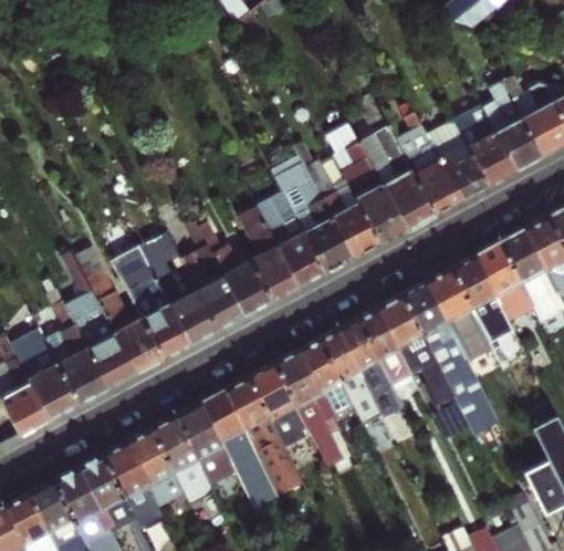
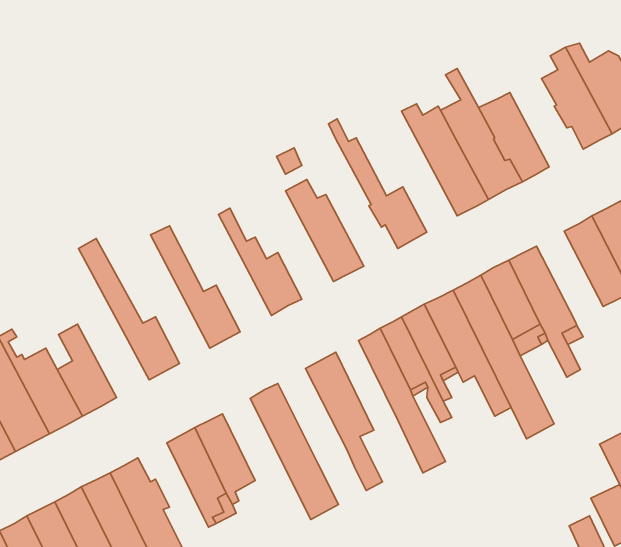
building: [453,106,518,186] -> none
building: [323,118,407,243] -> none
building: [274,162,355,273] -> none
building: [240,207,299,302] -> none
building: [179,220,244,331] -> none
building: [477,242,535,322] -> none
building: [122,246,190,358] -> none
building: [63,251,137,388] -> none
building: [301,339,355,418] -> none
building: [250,363,311,447] -> none
building: [201,389,280,510] -> none
building: [127,428,185,507] -> none

